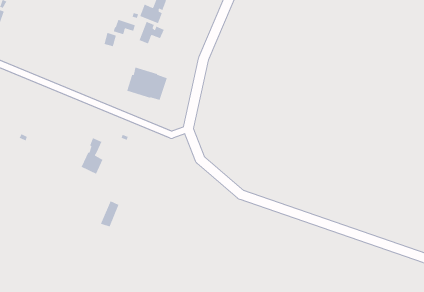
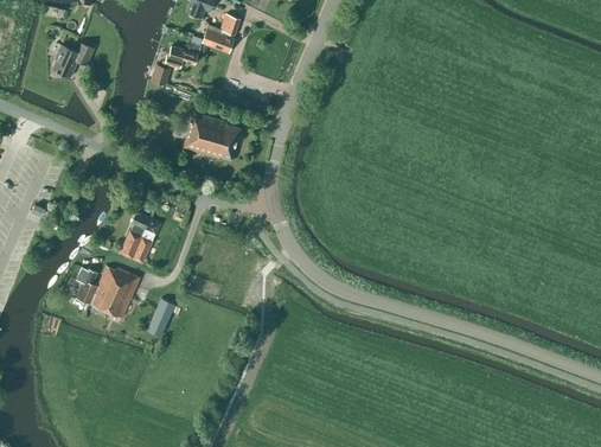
building: none -> [52,43,92,77]
building: [138,21,165,44] -> none
building: none -> [75,267,139,318]

